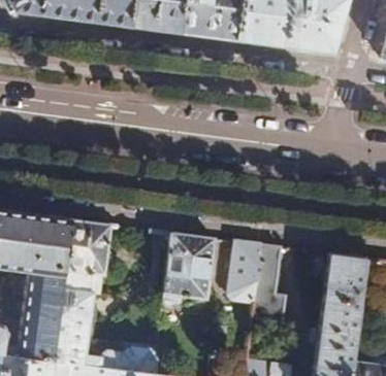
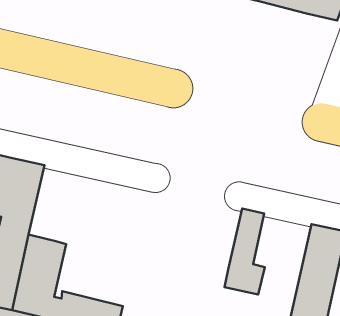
building: [57,219,109,294] -> none
building: [159,233,214,305] -> none
building: [227,241,260,304] -> none

